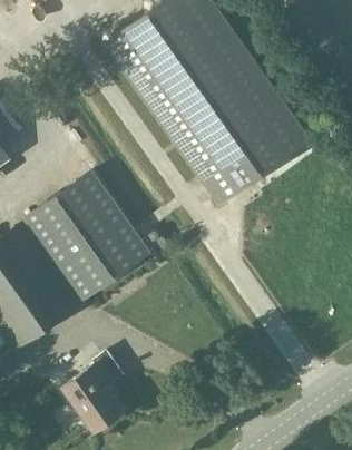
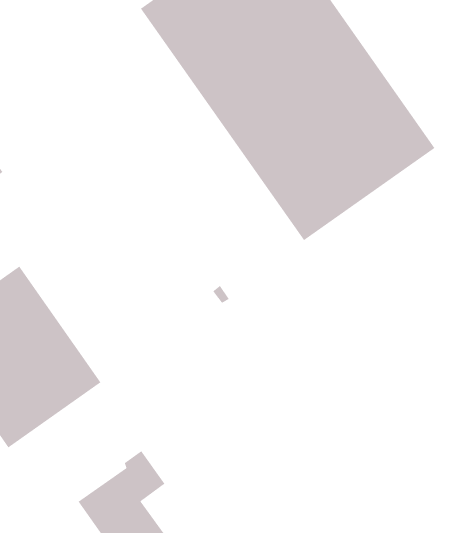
building: [26,173,148,301] -> none

